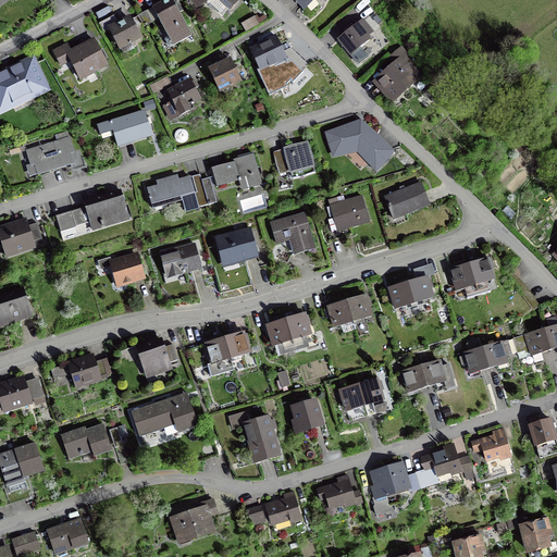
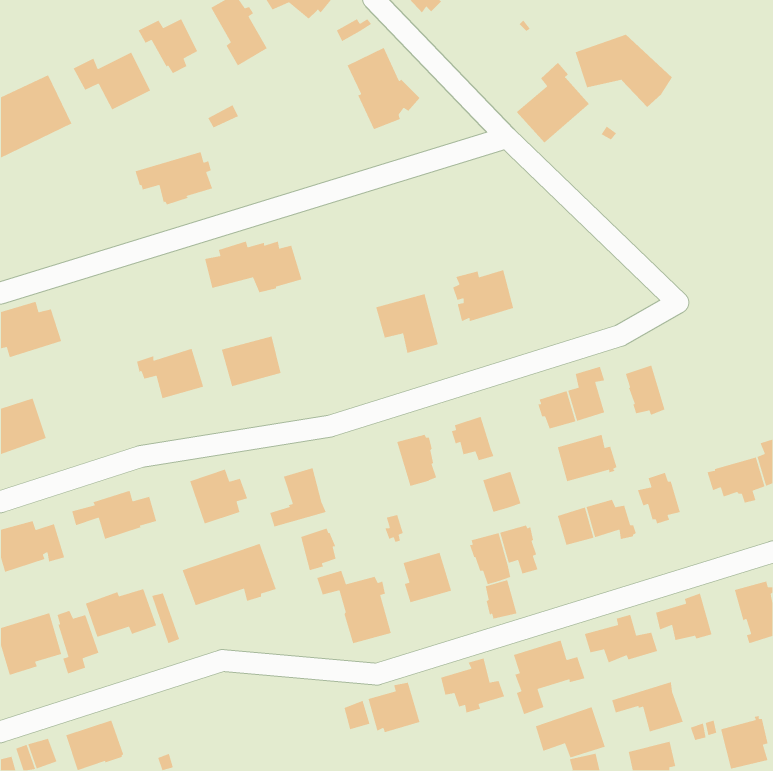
building: [336,17,374,64] -> none
building: [208,55,243,92] -> none
building: [162,77,201,120] -> none
building: [324,117,395,171] -> [574,34,673,108]
building: [25,129,75,176] -> none
building: [273,140,315,178] -> none
building: [212,150,262,189] -> none
building: [384,181,431,221] -> none
building: [55,188,131,238] -> none
building: [211,222,262,271] -> none
building: [469,257,496,295] -> none
building: [346,293,374,323] -> [482,471,522,513]
building: none -> [557,434,617,482]
building: [264,318,295,355] -> none
building: [225,330,251,361] -> [300,527,336,571]
building: [483,339,512,370] -> none
building: none -> [485,579,518,620]
building: none -> [56,610,100,675]
building: none -> [611,681,684,733]
building: [169,497,219,545] -> none
building: none -> [535,706,606,759]

